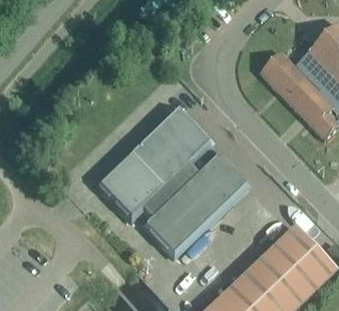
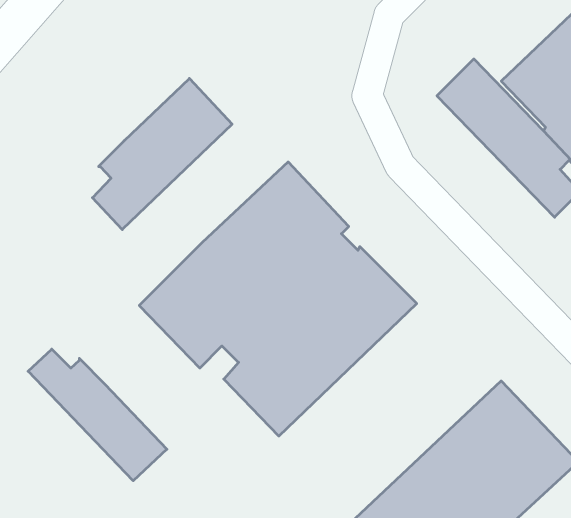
building: none -> [92,78,232,230]
building: none -> [28,349,167,481]

